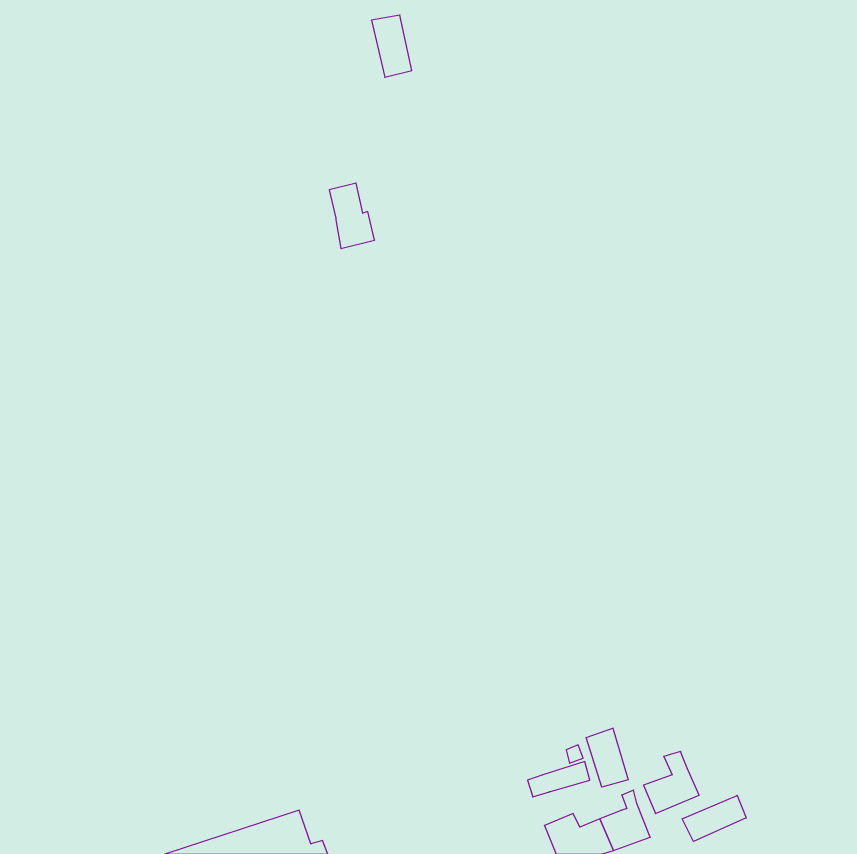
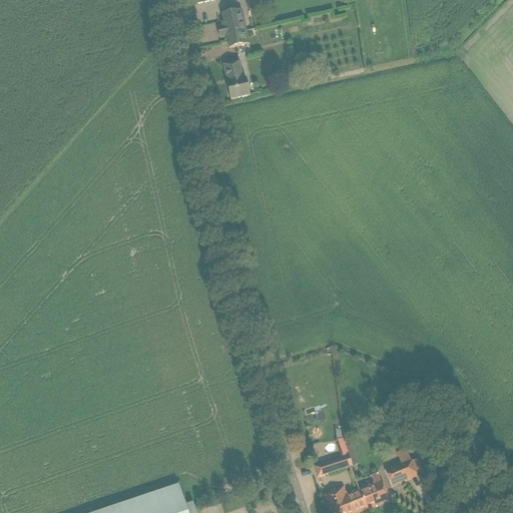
building: [329,183,375,249] -> [223,59,250,98]
building: [586,728,628,787] -> none
building: [682,795,746,841] -> none

